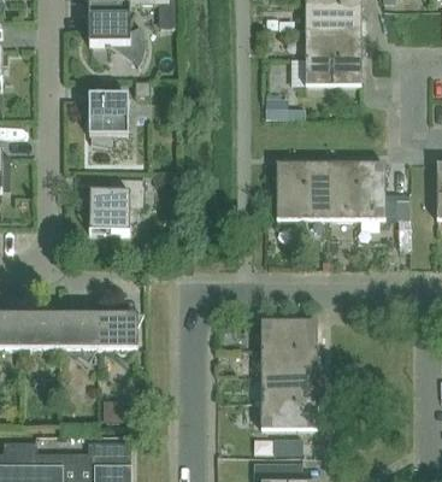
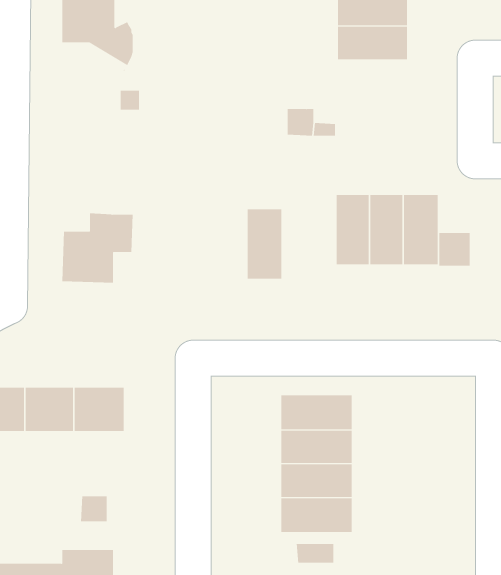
building: [306,57,361,84] -> none
building: [89,95,129,147] -> none
building: [277,163,305,218] -> [247,209,282,279]

